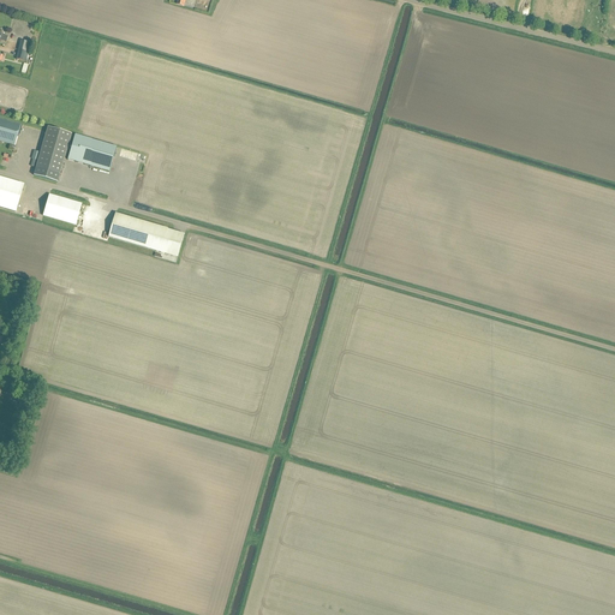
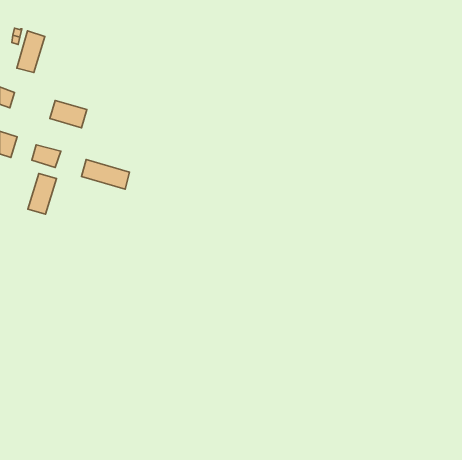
building: [32,124,70,179] -> [17,31,45,73]
building: none -> [28,173,56,214]

